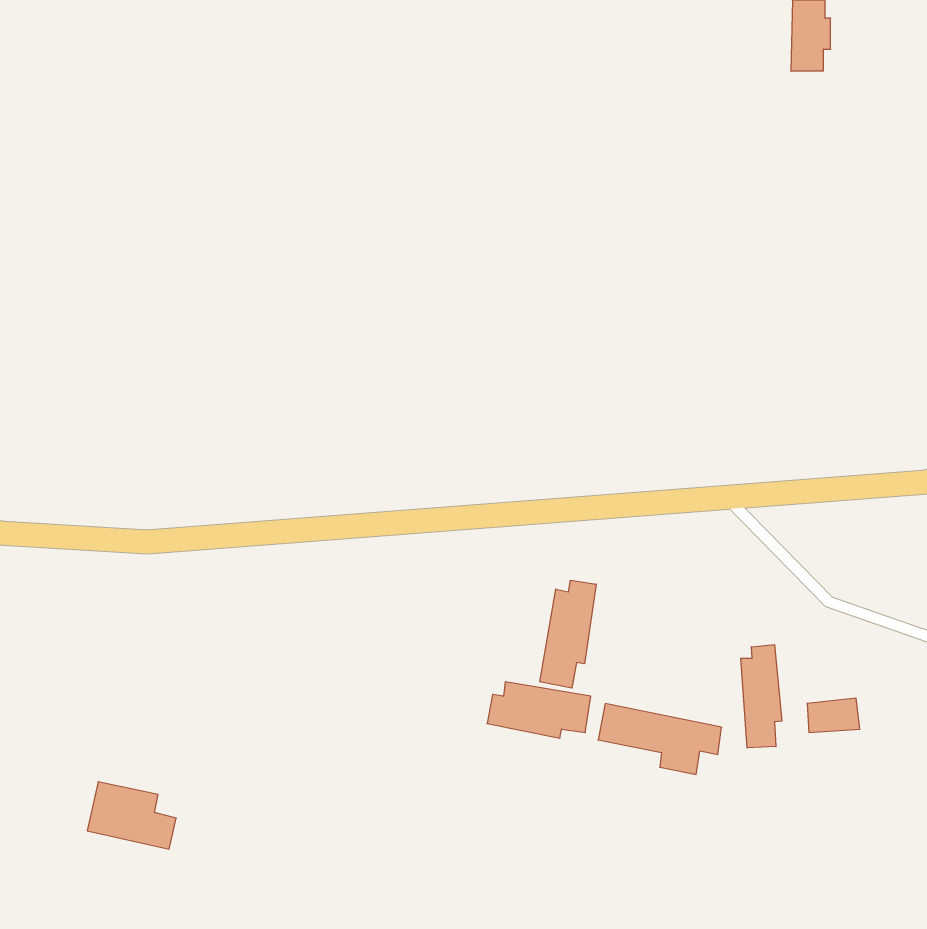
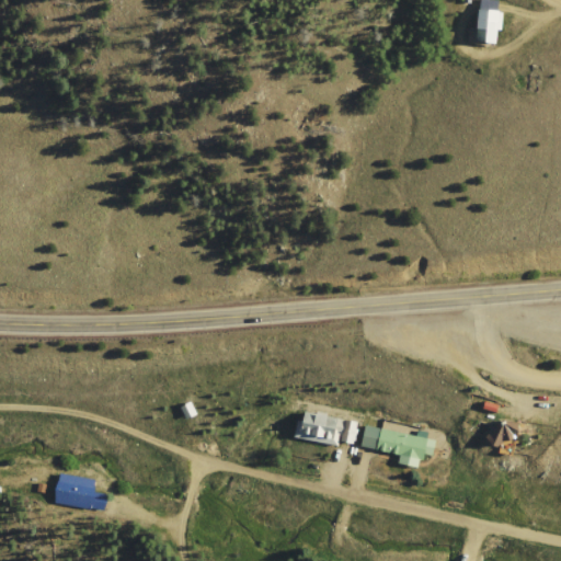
building: [540,580,596,688] -> none
building: [741,645,782,748] -> none

